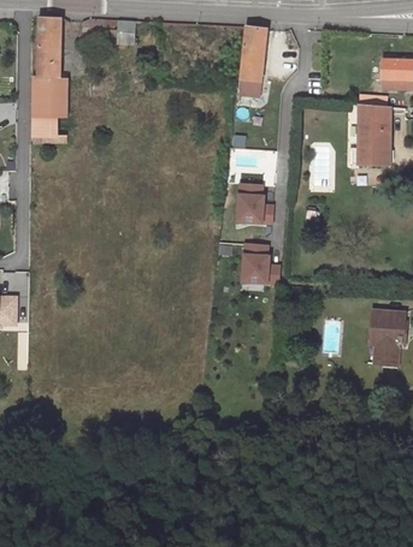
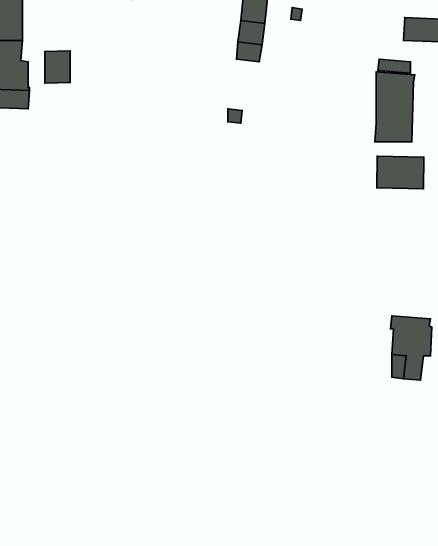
building: none -> [45,51,70,83]
building: none -> [377,156,424,189]
building: [237,183,273,222] -> none
building: [242,244,281,284] -> none

